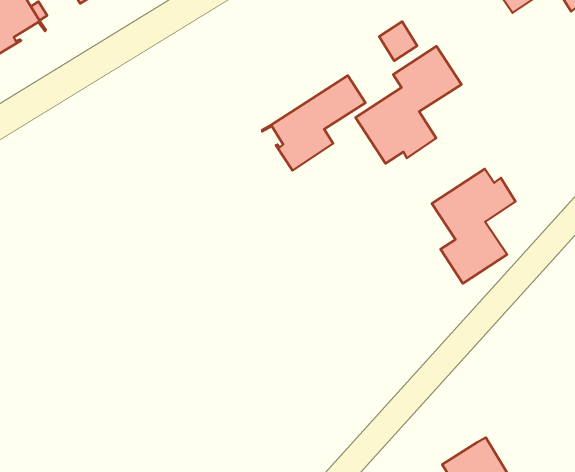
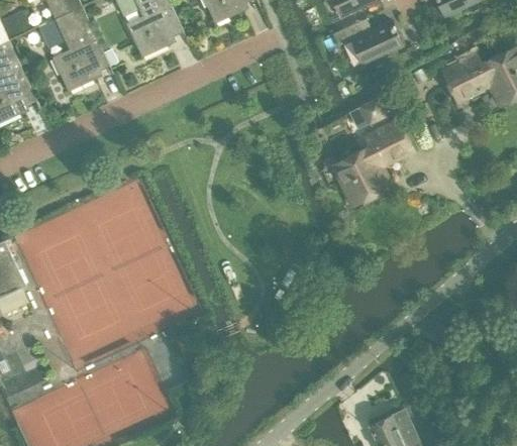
building: [262,76,366,170] -> none
building: [432,169,516,283] -> none

